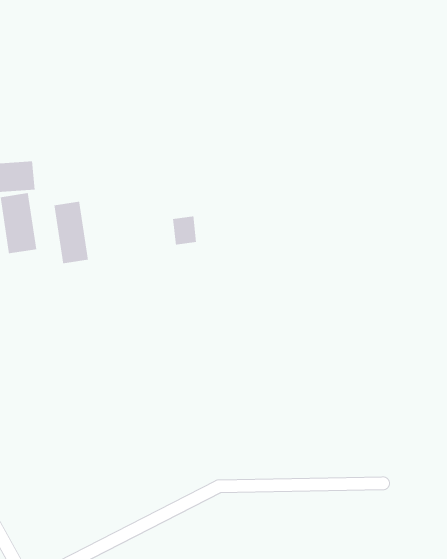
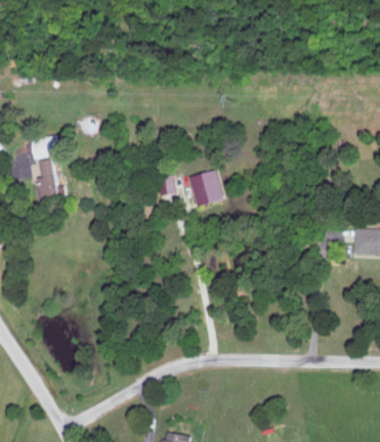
building: [54,201,89,264] -> none
building: none -> [188,171,219,206]

